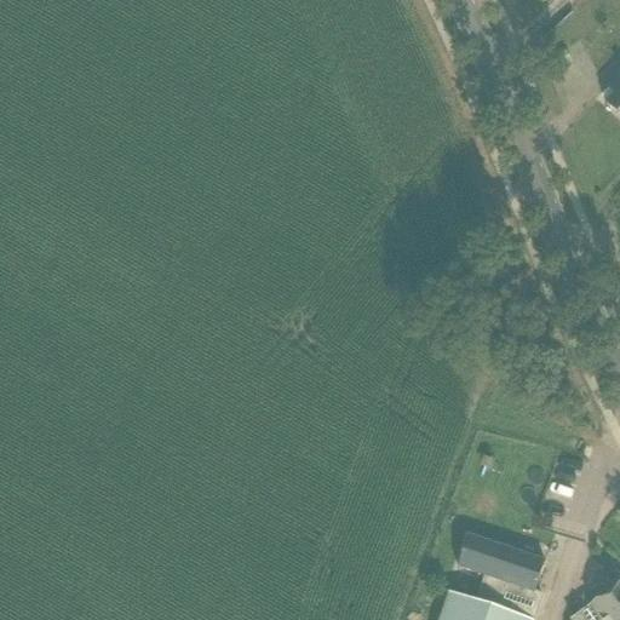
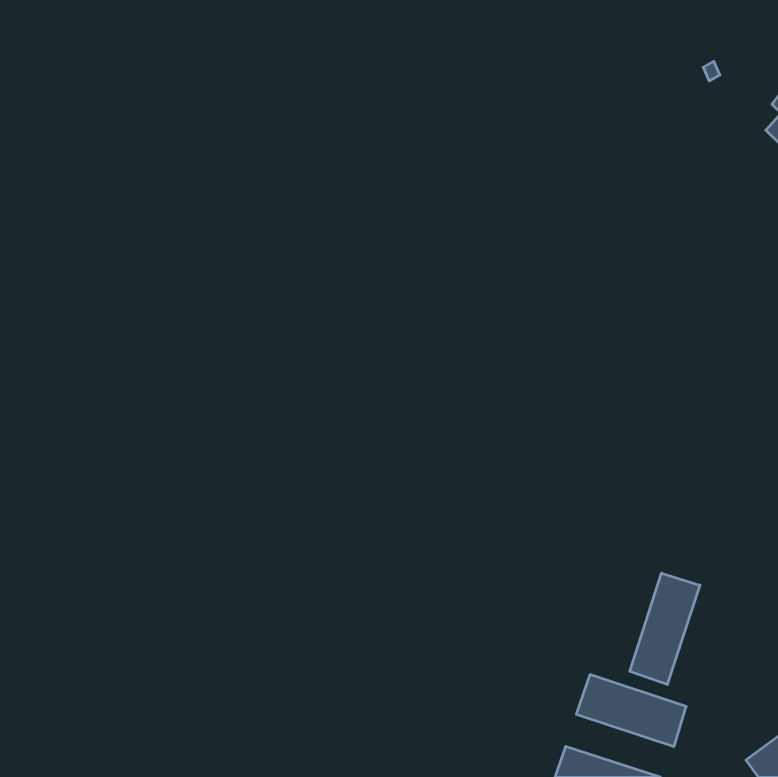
building: none -> [630,573,700,685]

